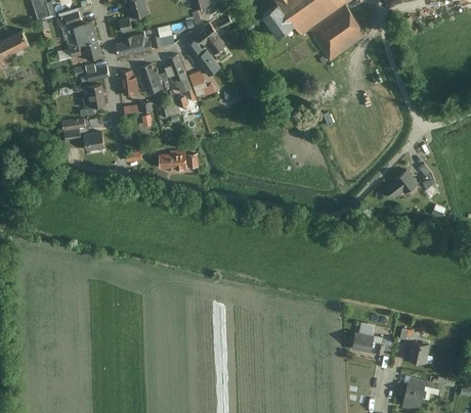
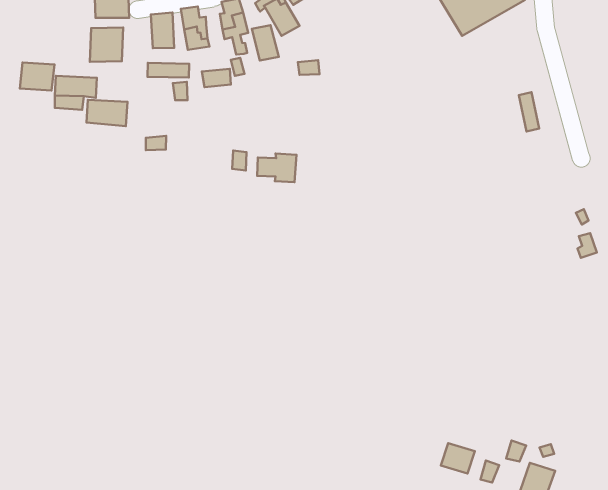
building: none -> [20,63,54,90]
building: [159,152,185,172] -> [257,154,297,182]
building: [386,171,417,199] -> none

